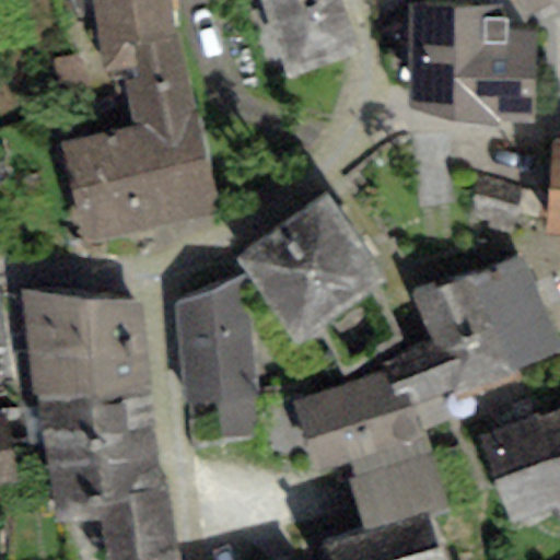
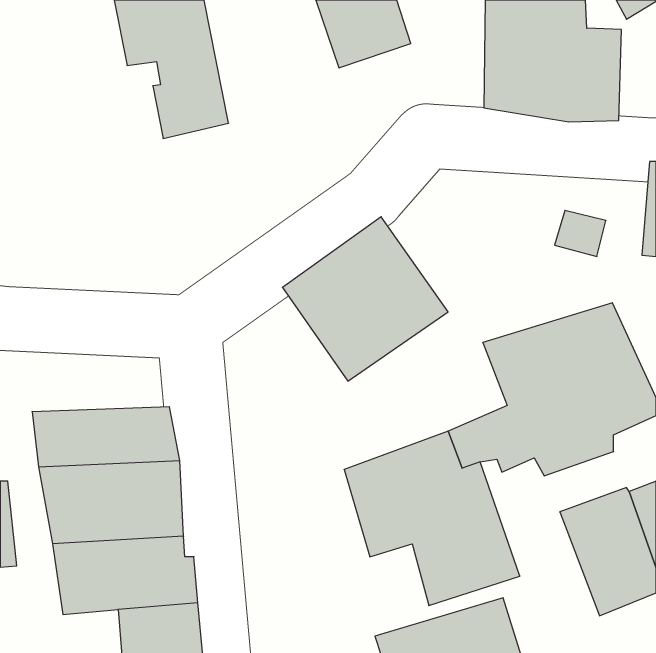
building: [69,113,215,233] -> none
building: [174,272,253,395] -> none
building: [21,292,144,353] -> none

